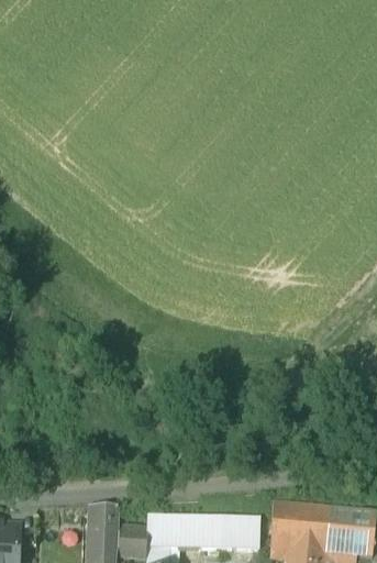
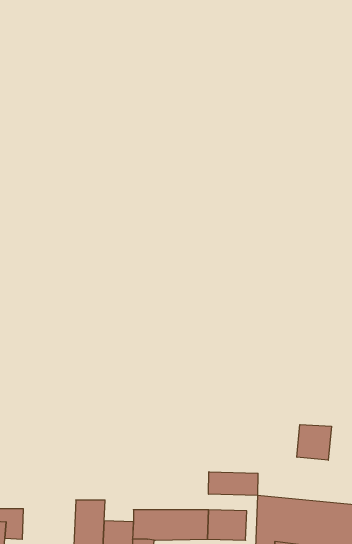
building: none -> [297,425,331,460]
building: none -> [209,472,258,496]

